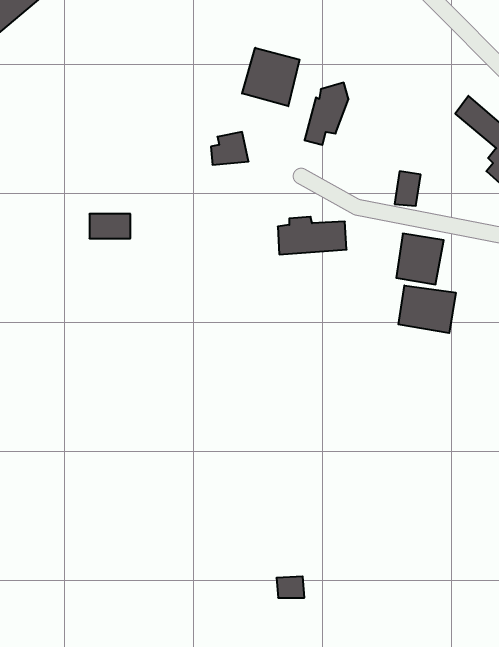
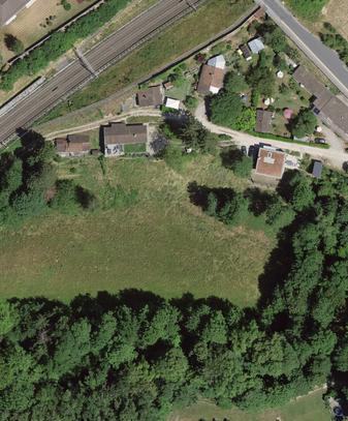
building: [242,48,300,106] -> none
building: [278,217,347,254] -> [103,123,147,147]
building: [398,285,456,333] -> none

